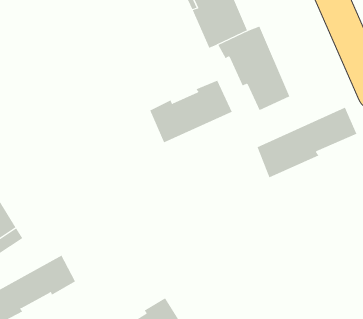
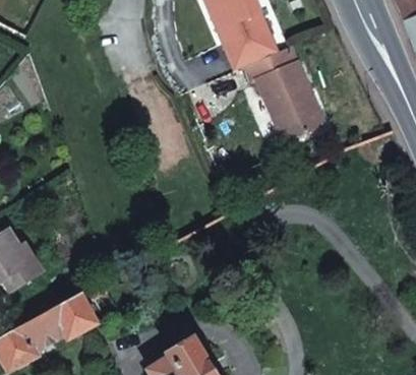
building: [149,80,232,143] -> none
building: [257,107,357,178] -> none

